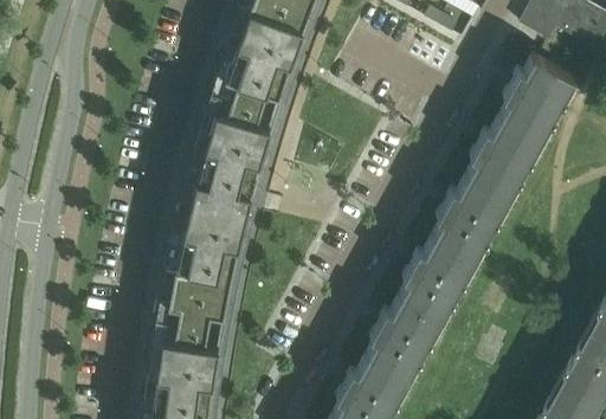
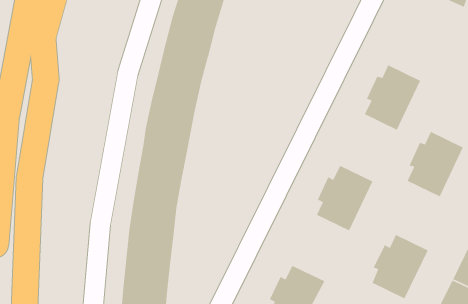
building: [501,57,575,138] -> none
building: [434,176,508,259] -> [406,131,464,197]
building: [368,297,441,379] -> [371,234,429,300]

